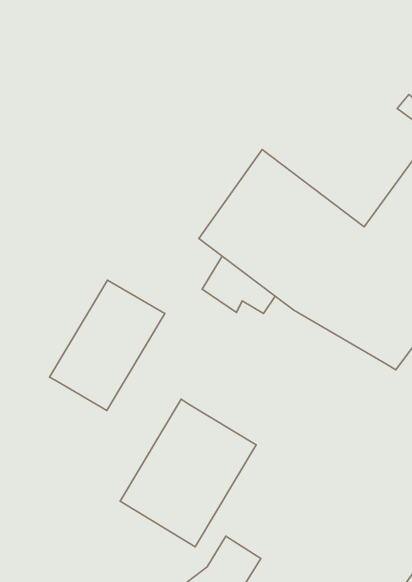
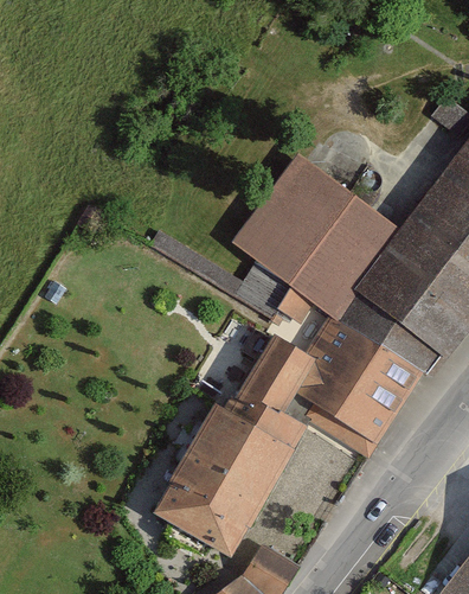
building: [49,280,165,410] -> none
building: none -> [224,314,424,455]

